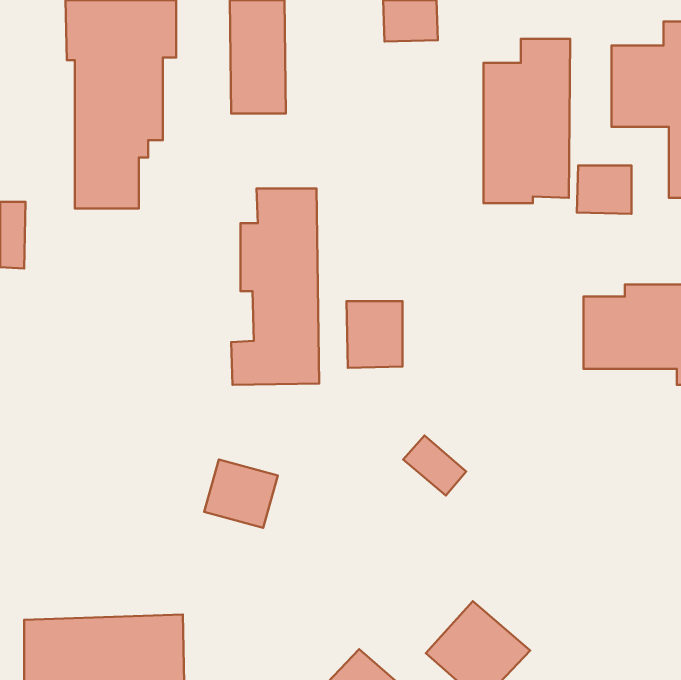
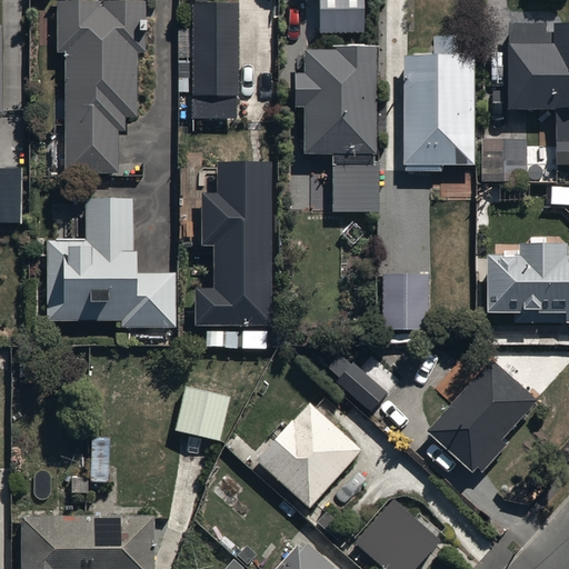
building: none -> [292,41,380,211]
building: none -> [47,193,178,326]
building: [347,301,403,368] -> [382,271,429,327]
building: none -> [428,359,535,472]
building: none -> [258,405,363,509]

